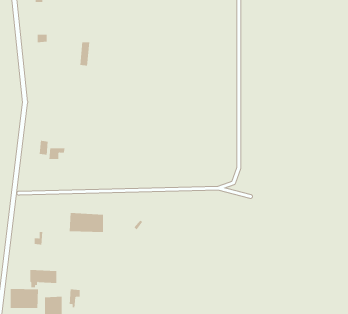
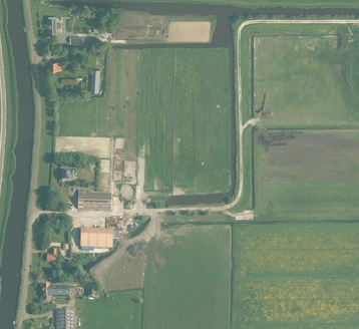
building: none -> [77,190,110,209]
building: [10,288,39,309] -> none

